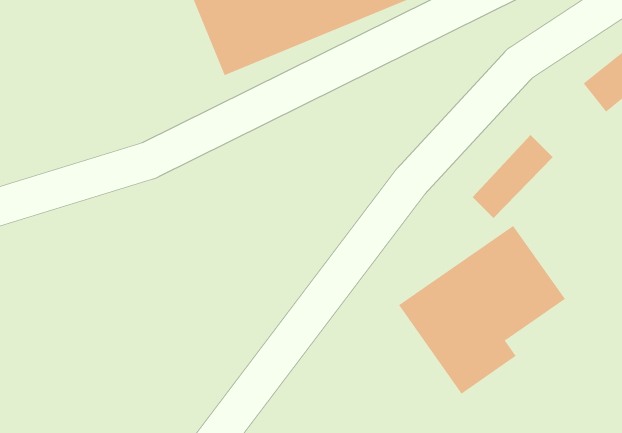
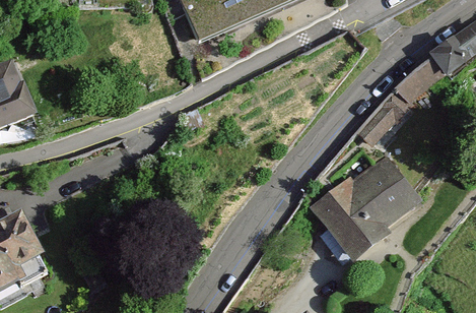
building: none -> [398,56,448,105]

